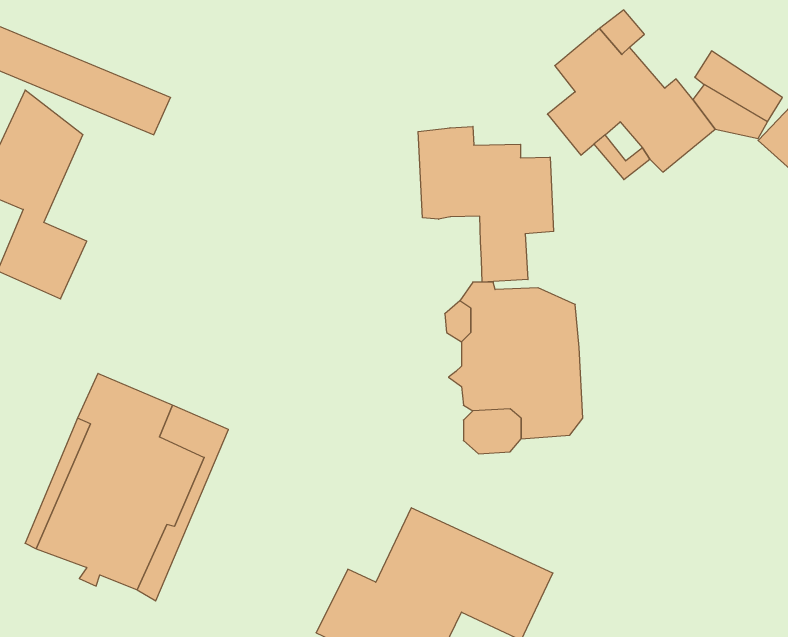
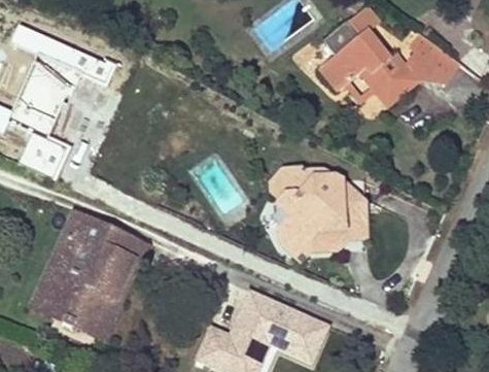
building: [418,126,554,282] -> none
building: none -> [342,199,365,239]

